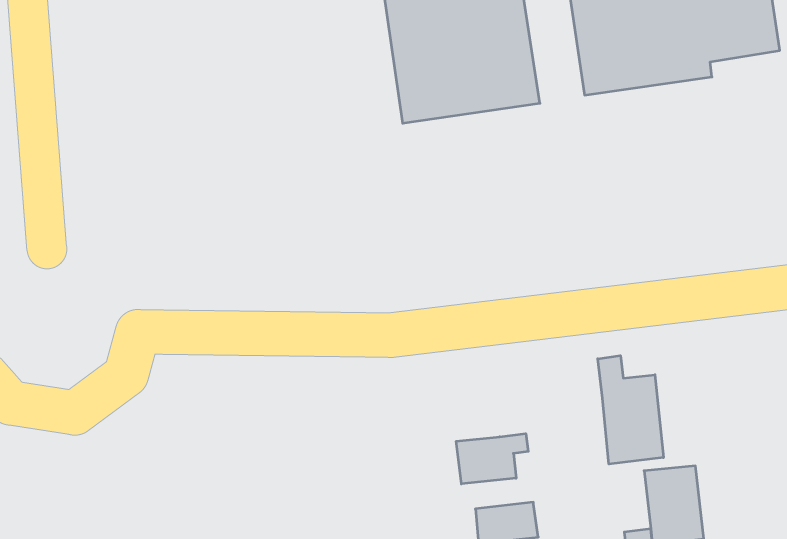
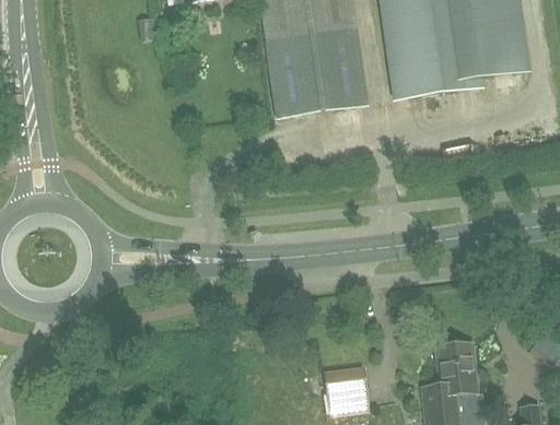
building: [598,356,663,464] -> none
building: [456,434,528,484] -> none

